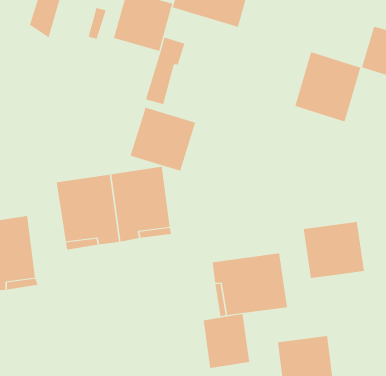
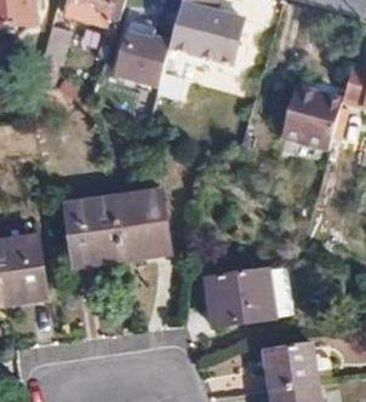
building: [130,107,196,172] -> none
building: [303,221,365,279] -> none
building: [203,313,250,369] -> none

